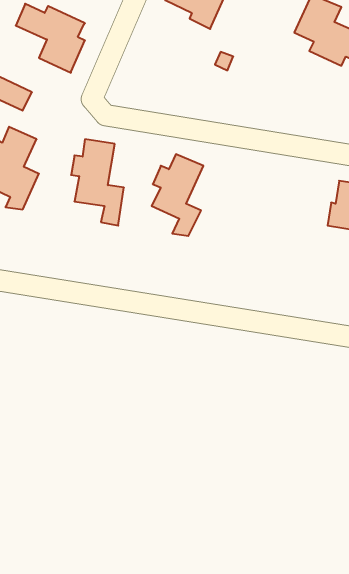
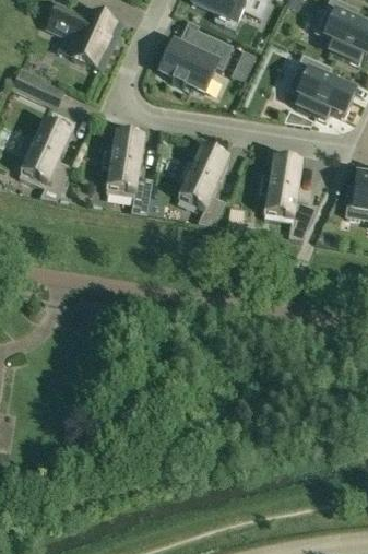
building: none -> [161,28,234,90]
building: none -> [286,54,355,119]
building: none -> [260,158,319,239]

